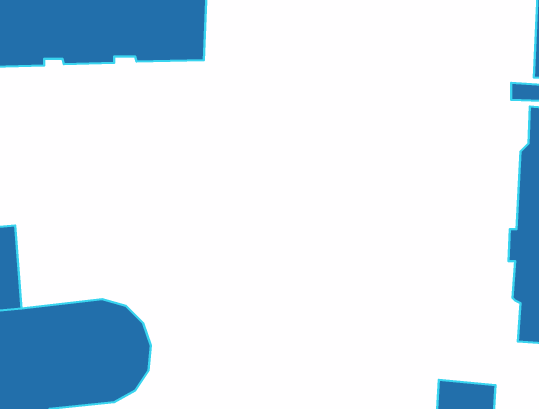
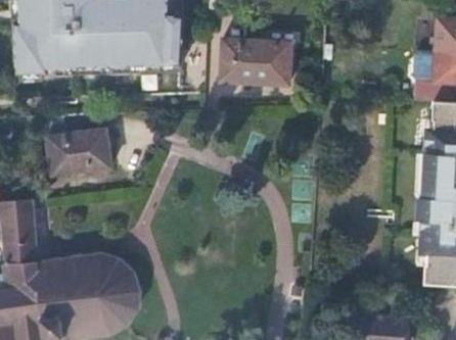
building: none -> [219,39,288,84]
building: none -> [48,114,110,173]

